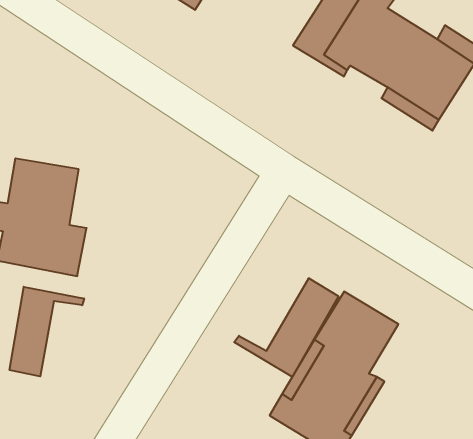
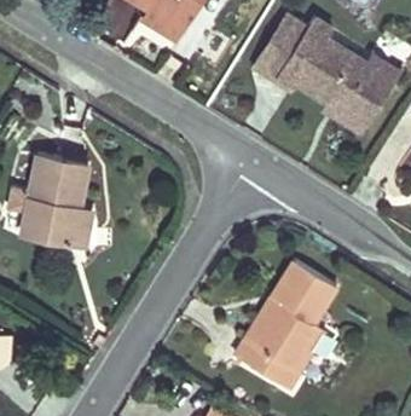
building: [234,278,338,377] -> none
building: [10,287,84,376] -> none

